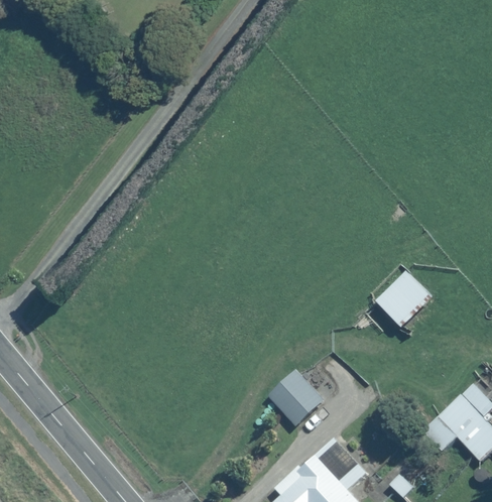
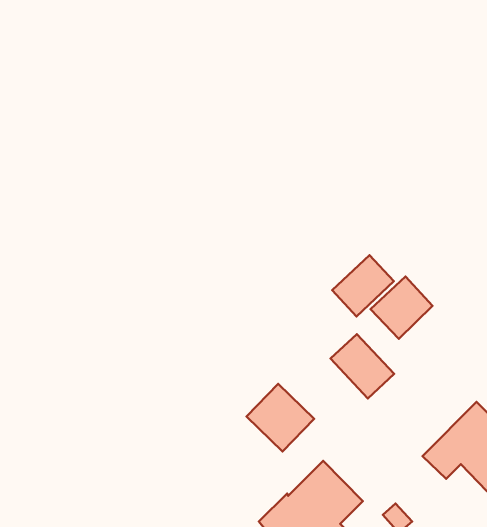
building: none -> [332,255,394,316]
building: none -> [331,334,394,398]

